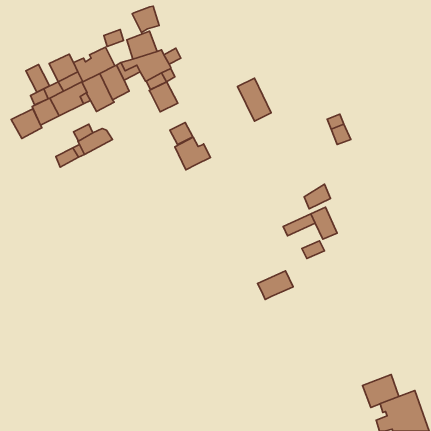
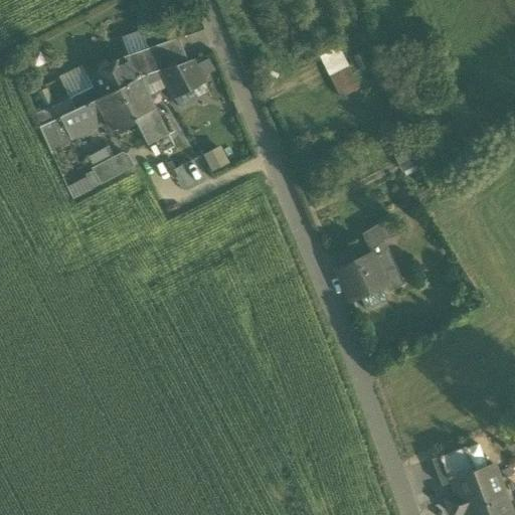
building: [132,6,159,32] -> [127,47,159,78]
building: [26,65,50,92] -> none
building: [237,78,271,121] -> [320,46,360,98]
building: [149,82,178,112] -> [135,109,169,144]
building: [11,109,42,138] -> none
building: [175,137,211,170] -> none
building: [258,271,293,300] -> [343,266,385,300]

